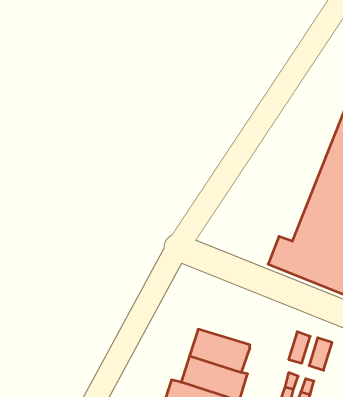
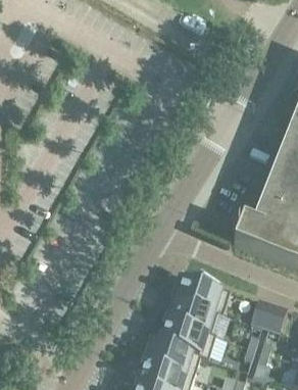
building: none -> [172,274,229,313]

